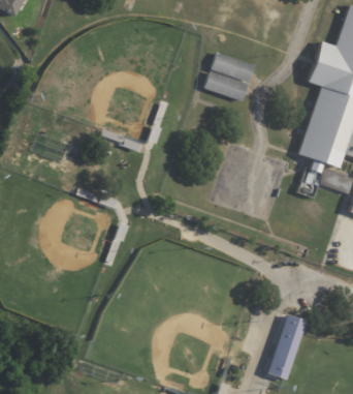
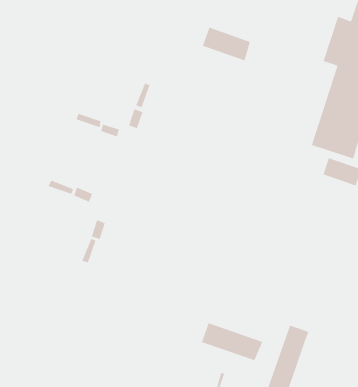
building: [199,70,243,101] -> none
building: none -> [201,322,263,361]

